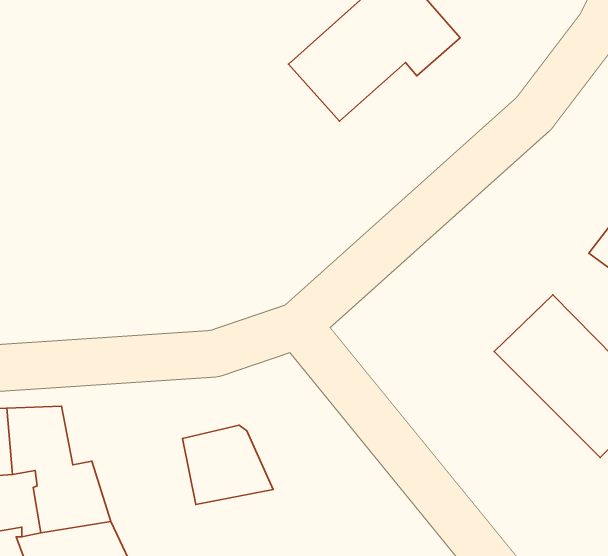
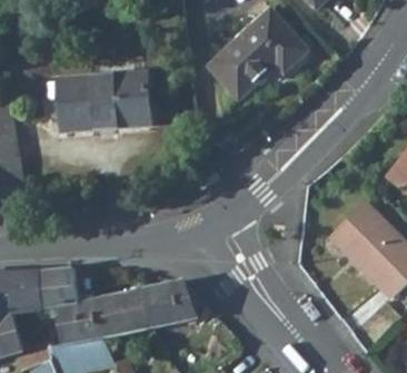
building: none -> [58,71,151,132]
building: none -> [91,286,152,335]

